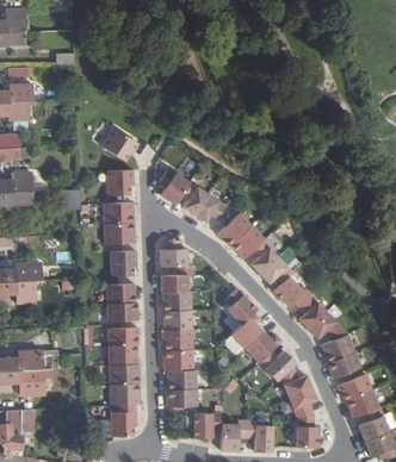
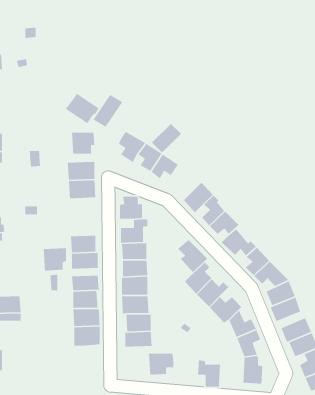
building: none -> [92,94,123,128]
building: [217,213,250,246] -> [151,123,182,153]
building: [110,250,136,276] -> [43,248,67,271]
building: [111,411,136,437] -> none
building: [219,420,247,451] -> none

